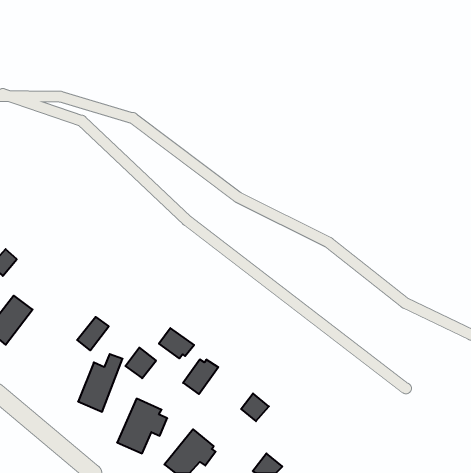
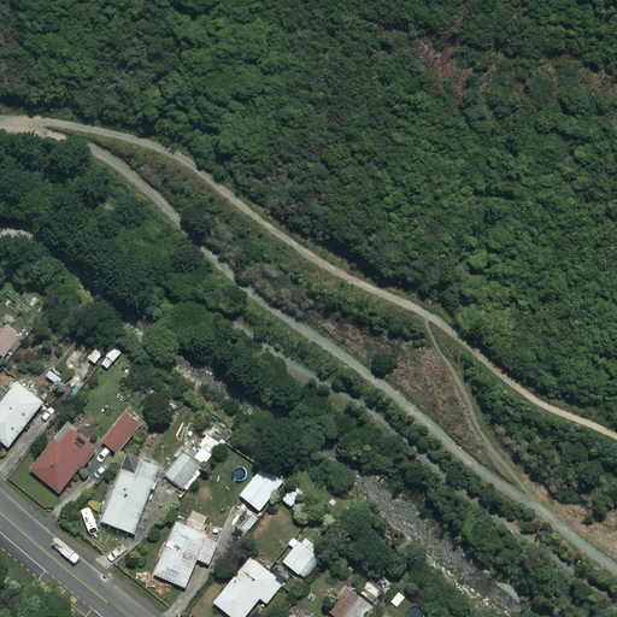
building: none -> [29,422,99,494]
building: [159,328,194,358] -> none
building: [241,393,269,421] -> [282,541,318,577]

